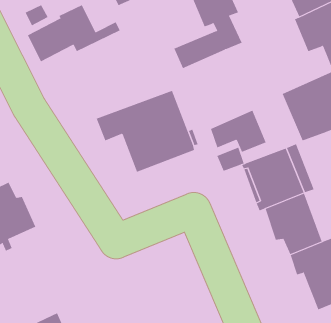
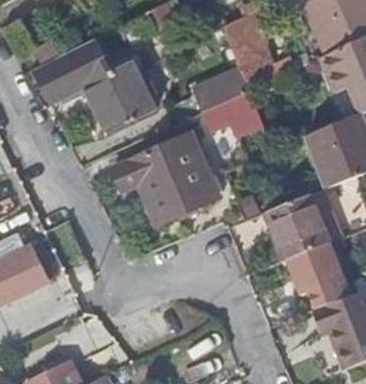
building: none -> [89,70,156,133]
building: [210,110,266,153] -> [202,90,262,136]

